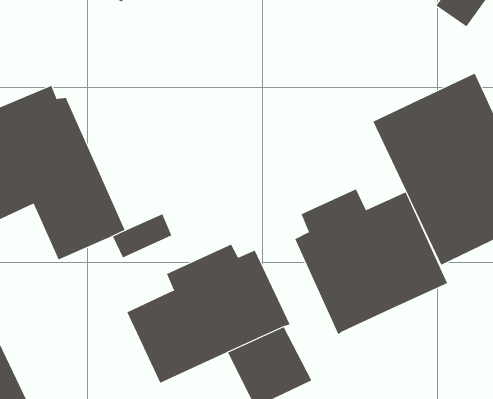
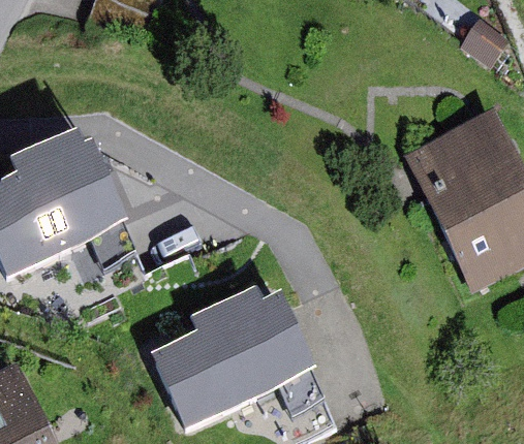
building: [295,188,448,335] -> none

